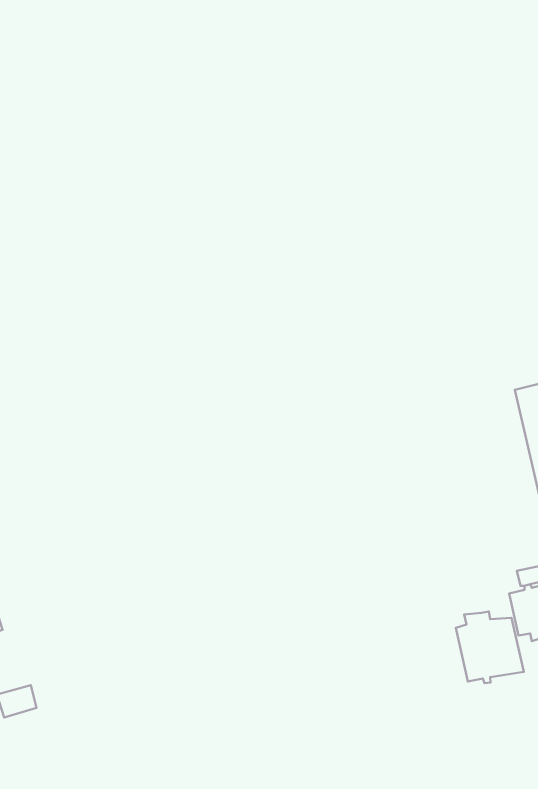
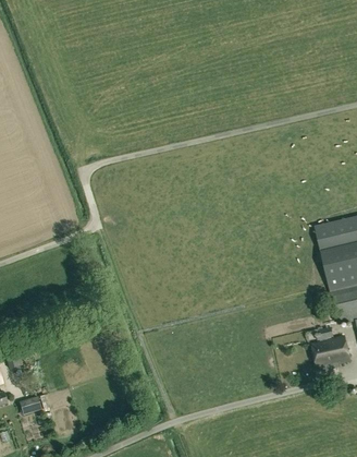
building: [456,611,524,683] -> none

